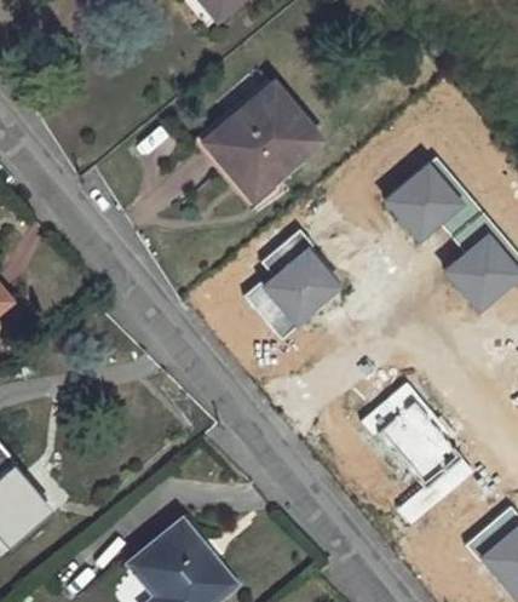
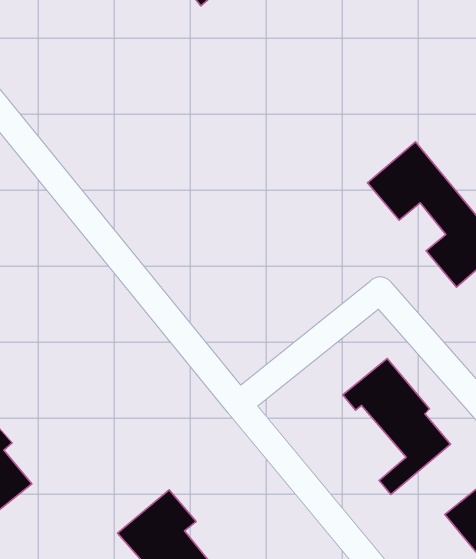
building: [208,84,316,194] -> none
building: [248,231,341,338] -> none

